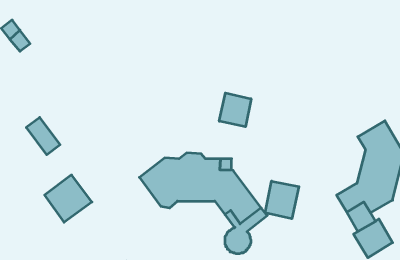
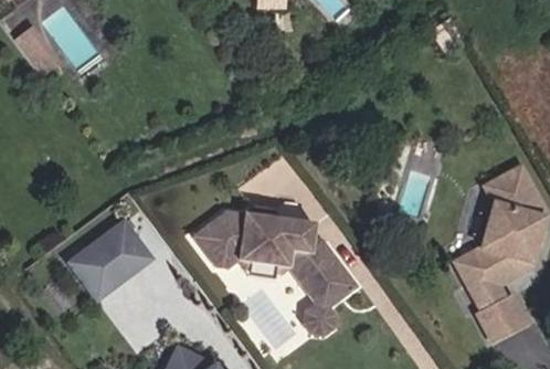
building: [219,93,251,127] -> none
building: [26,117,60,155] -> [108,223,152,272]
building: [265,181,299,219] -> none

